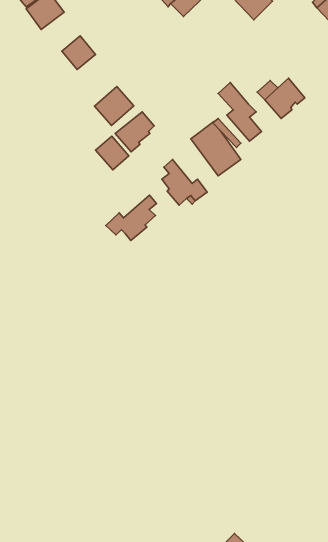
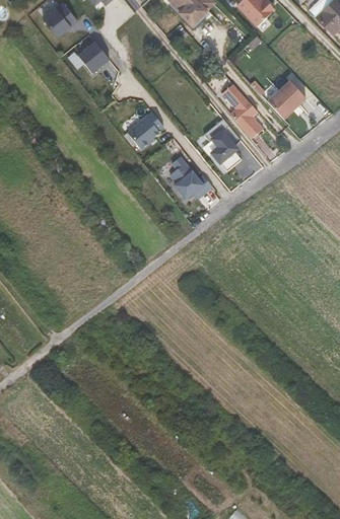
building: [94,86,134,125] -> none
building: [96,136,129,170] -> none
building: [106,195,156,241] -> none

